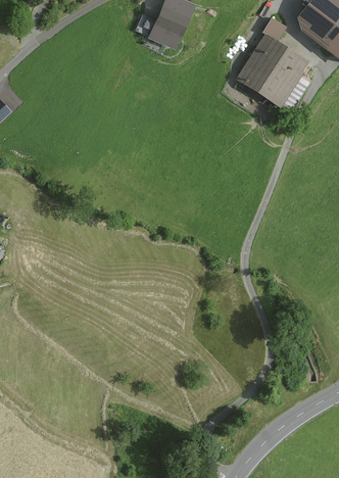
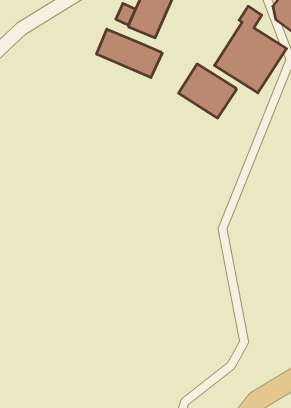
building: none -> [97,29,162,78]
building: none -> [179,64,236,118]

